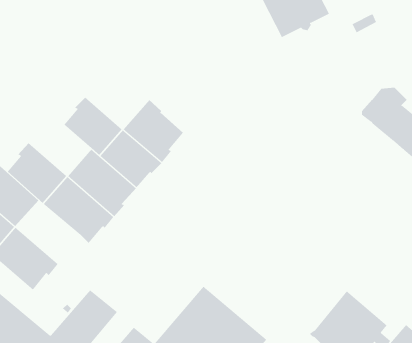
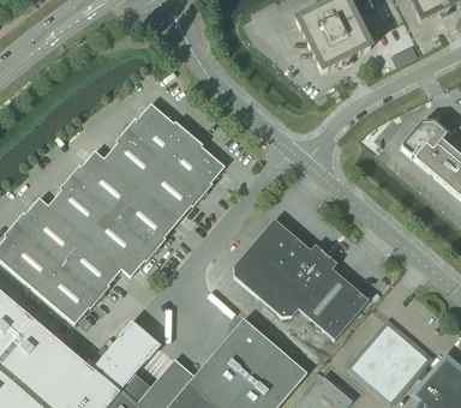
building: none -> [127,102,191,162]
building: none -> [71,149,133,209]
building: none -> [234,218,370,340]
building: none -> [58,233,122,296]

